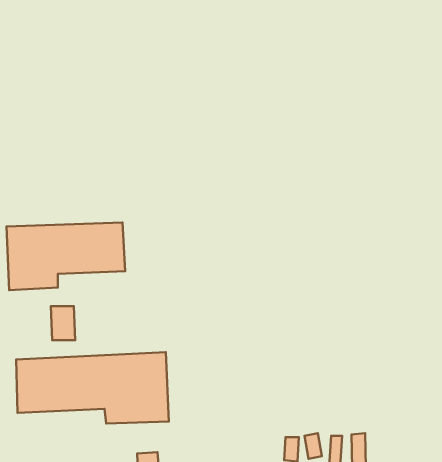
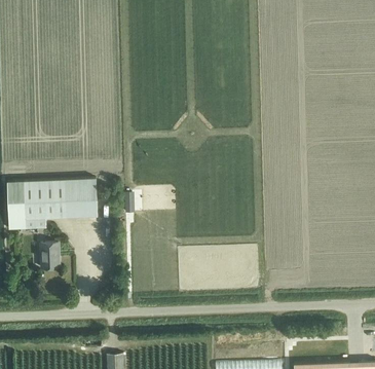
building: [16,352,169,424] -> none

